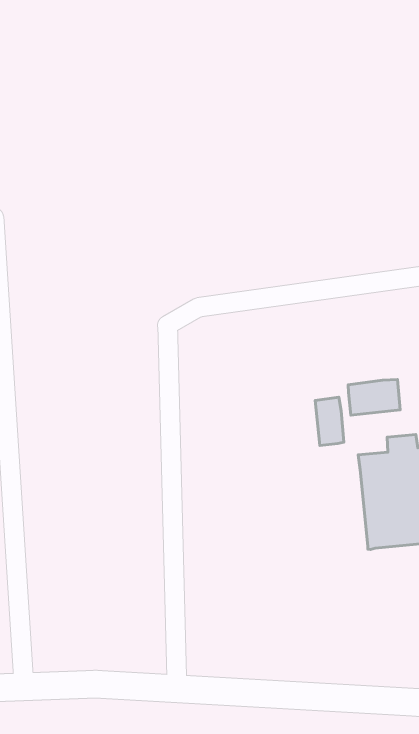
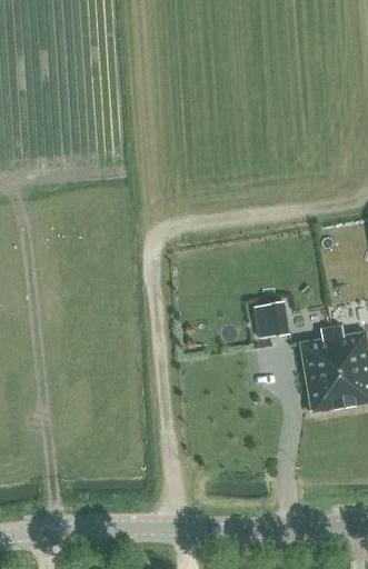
building: [348,379,400,415] -> none

